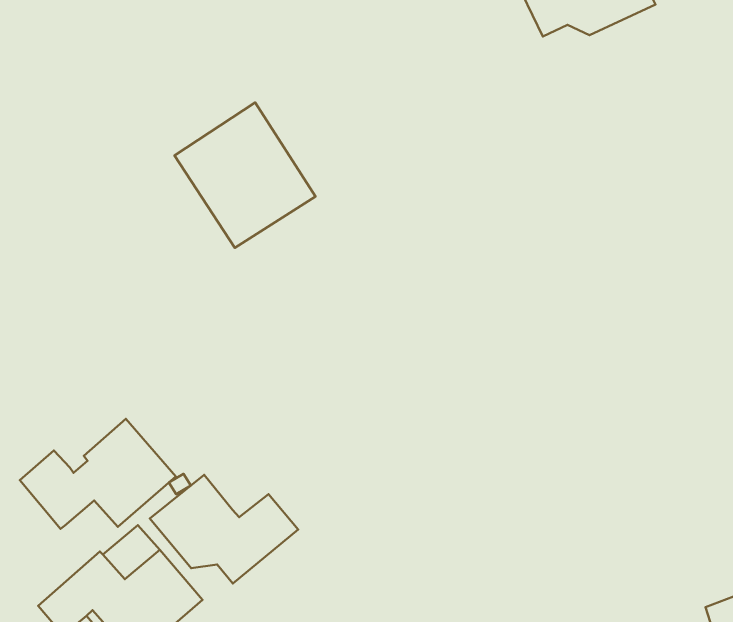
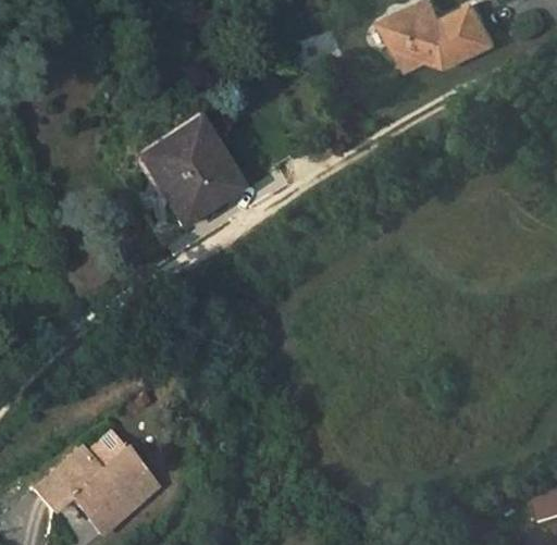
building: [20,419,176,529] -> none
building: [150,475,298,583] -> none

